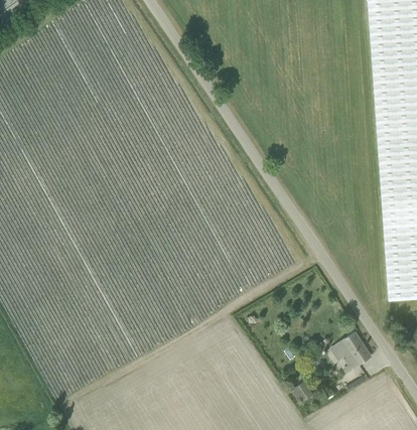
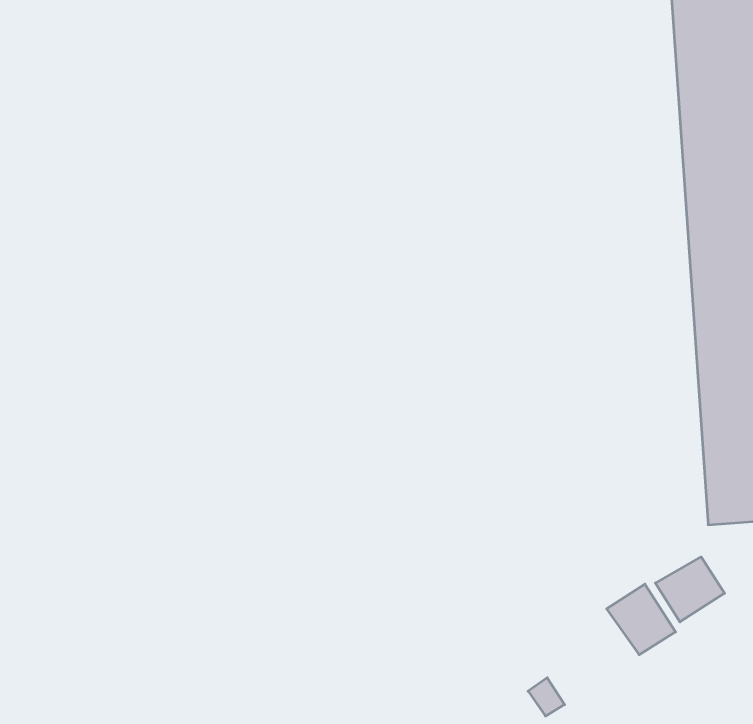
building: none -> [655,557,725,622]

